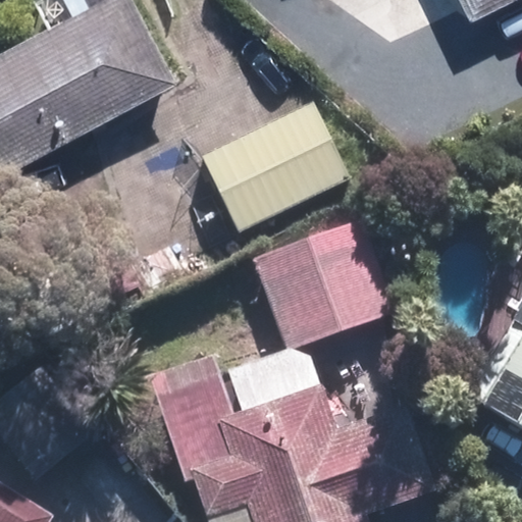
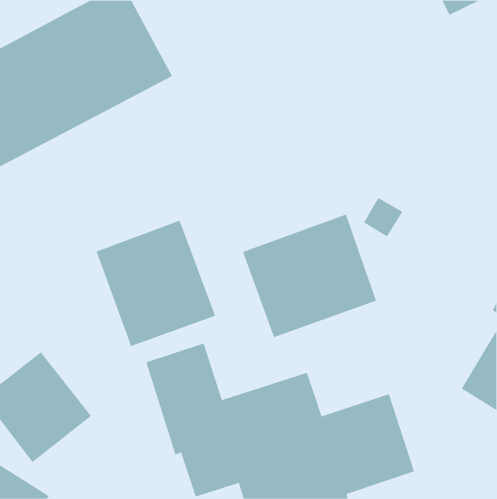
building: [202,105,349,234] -> none
building: none -> [96,220,216,347]

